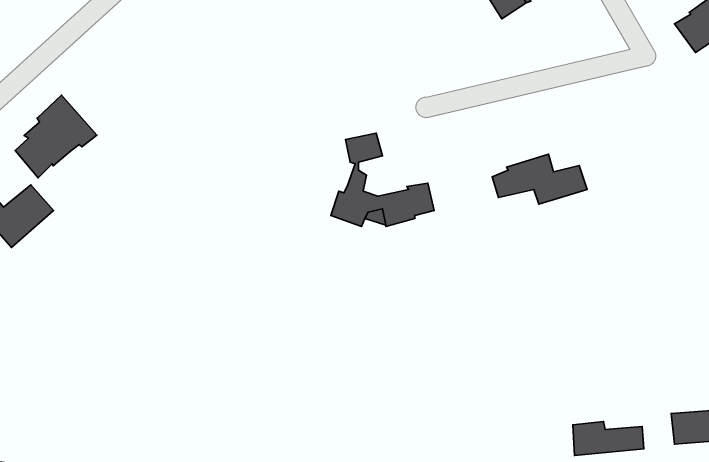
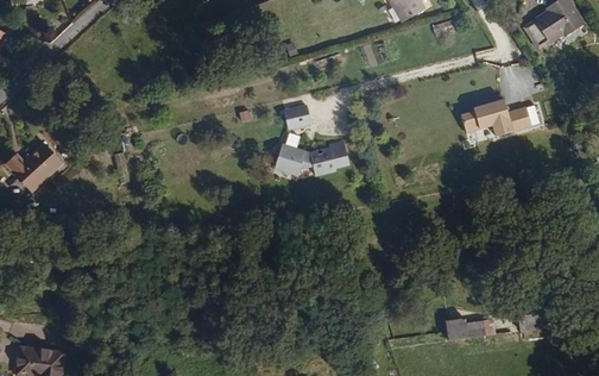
building: [15,95,97,178] -> none
building: [492,154,587,204] -> [456,95,527,132]

